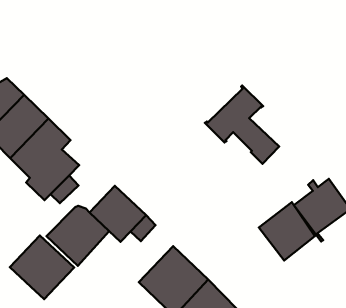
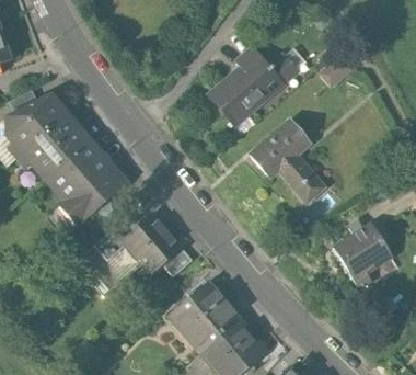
building: none -> [210,47,293,120]
building: [259,202,315,260] -> none
building: [10,235,74,299] -> none

